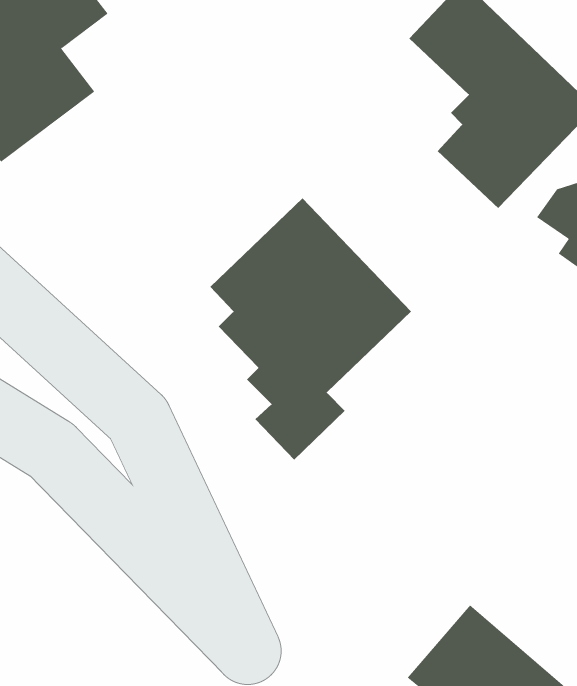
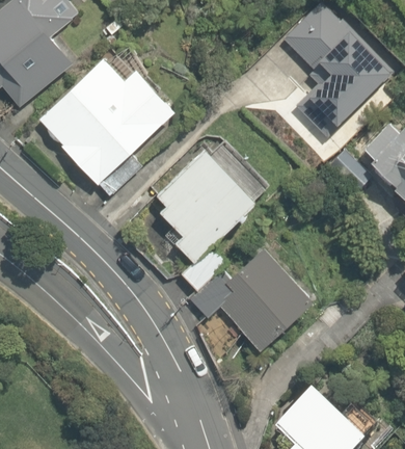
building: none -> [42,48,171,187]
building: none -> [197,255,322,358]

